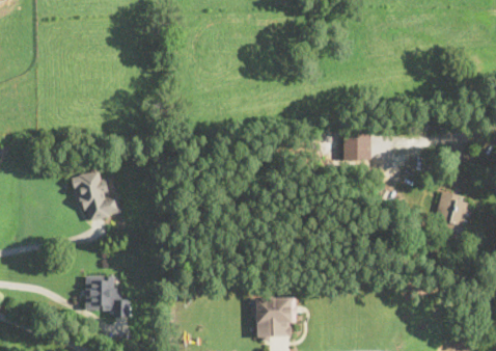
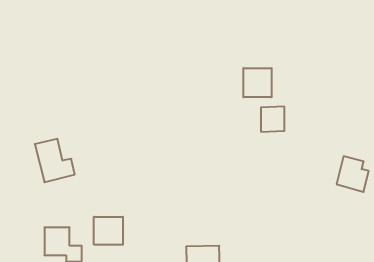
building: none -> [243,68,272,97]
building: none -> [94,217,123,245]

